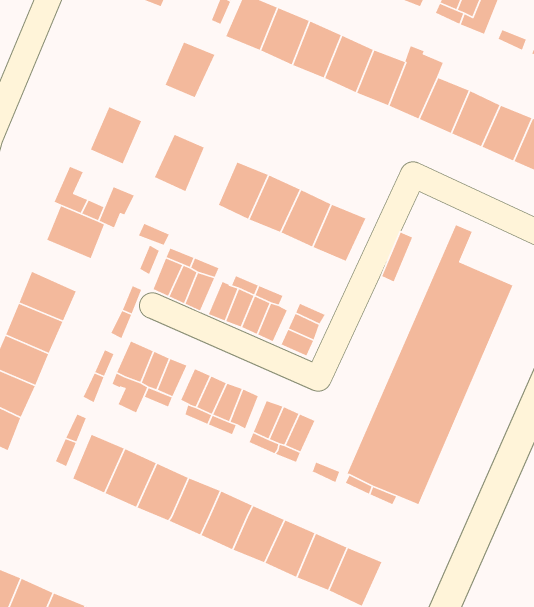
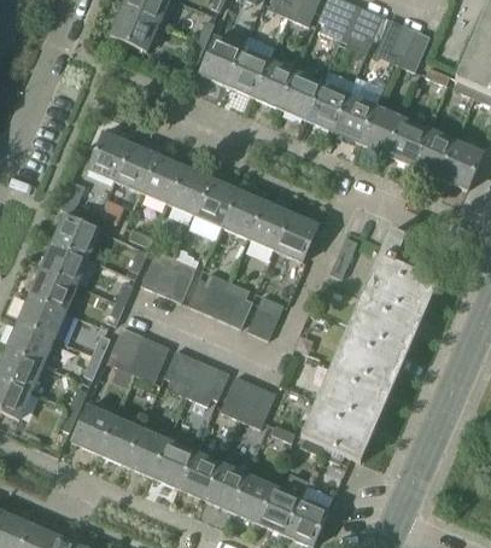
building: [165,42,215,98] -> [116,144,158,191]
building: none -> [168,165,210,214]
building: none -> [40,243,89,285]

